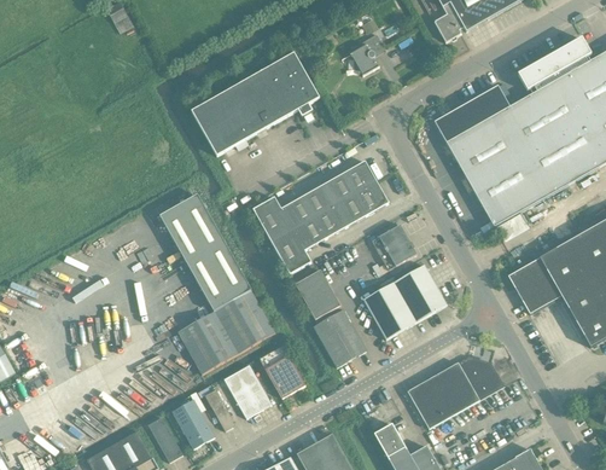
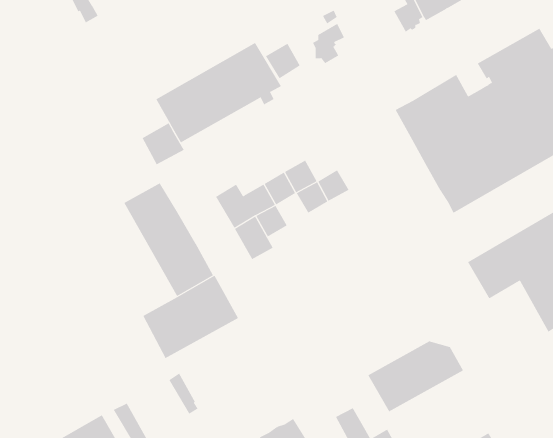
building: none -> [265,43,301,79]
building: none -> [142,123,184,165]
building: [344,159,377,193] -> none
building: [314,205,346,238] -> none
building: [372,224,416,269] -> none
building: [363,265,447,338] -> none
building: [295,268,366,366] -> none
building: [260,344,305,398] -> none
building: [223,362,272,418] -> none
building: [173,399,215,448] -> none

